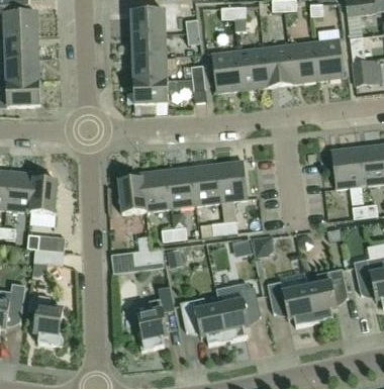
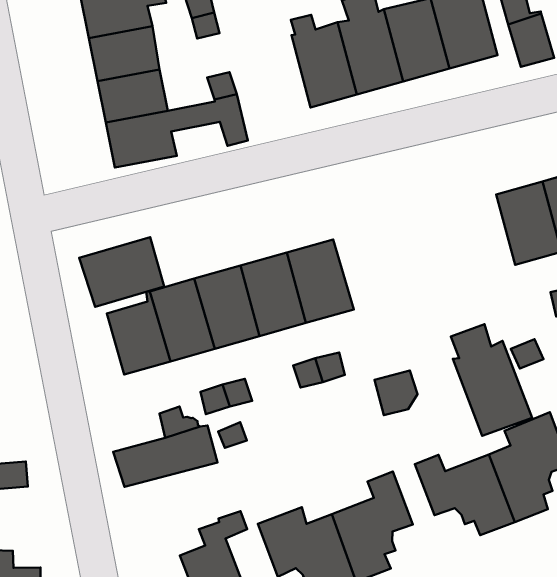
building: [210,43,242,92] -> none
building: none -> [79,237,164,307]
building: none -> [451,324,532,436]

